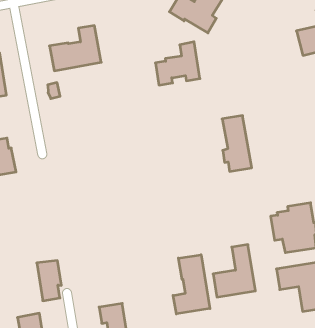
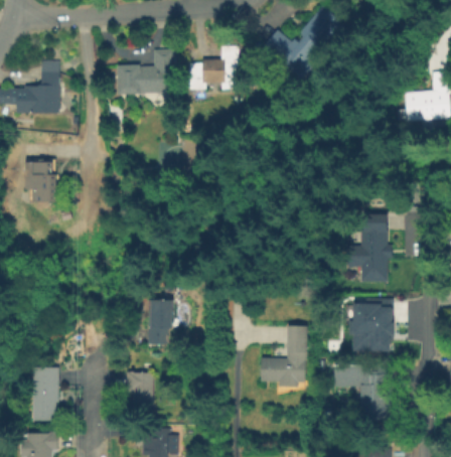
building: [155,42,200,85] -> [191,45,240,89]
building: [222,116,252,171] -> [355,216,386,278]
building: [173,255,210,314] -> none
building: [37,261,61,301] -> [147,301,171,345]

